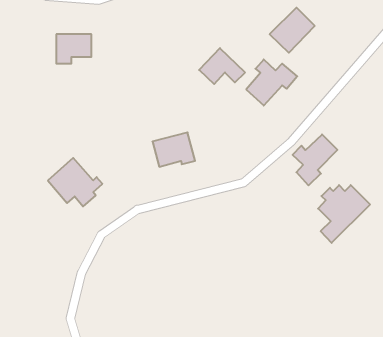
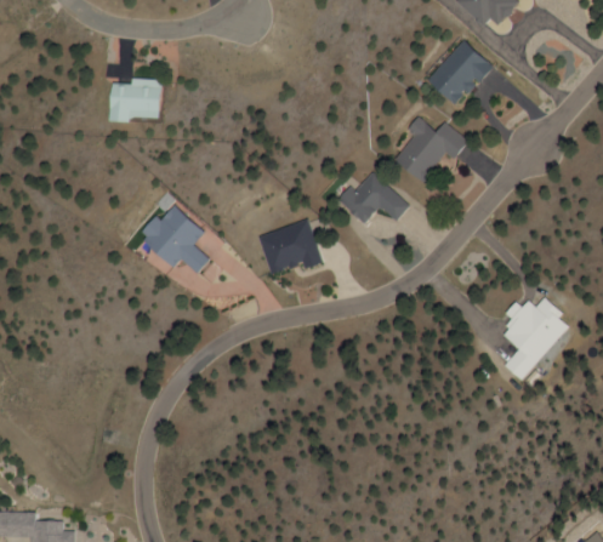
building: [199,48,245,84] -> [340,171,406,223]
building: [293,134,337,185] -> none
building: [48,158,102,206] -> [140,202,218,273]

